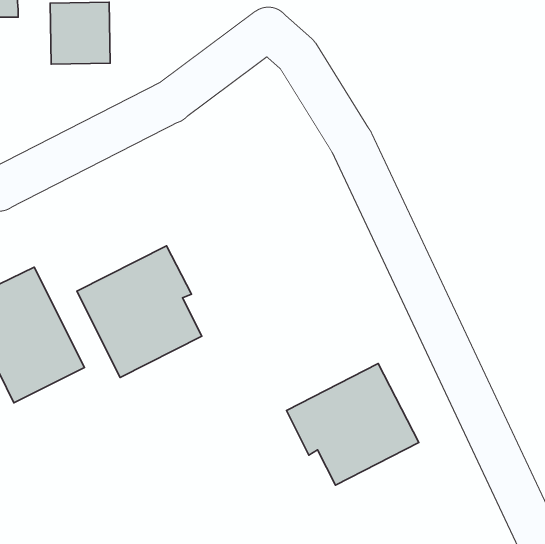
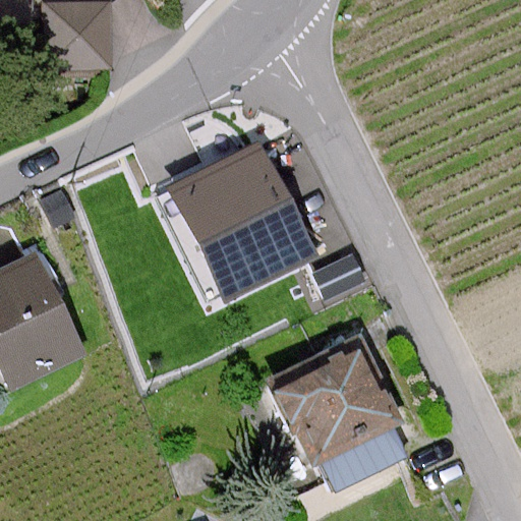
building: none -> [175,148,313,295]
building: [77,246,202,378] -> none

